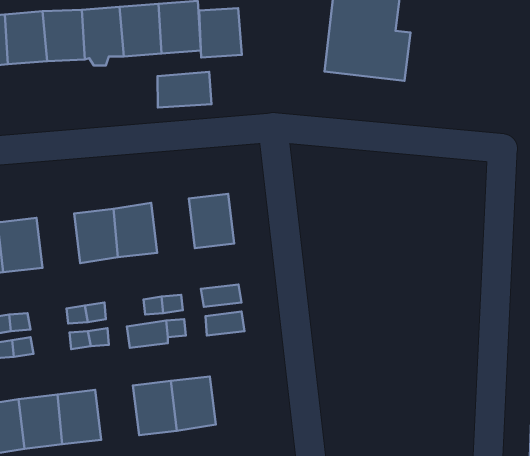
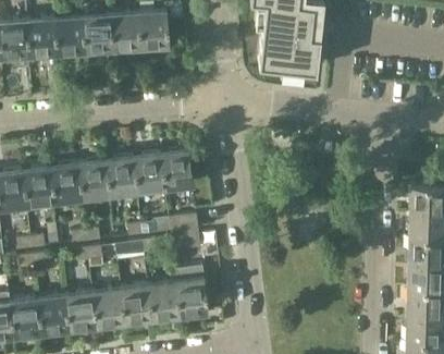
building: [199,8,242,57] -> none
building: [158,72,211,108] -> none
building: none -> [133,152,164,192]
building: none -> [50,163,82,203]
building: none -> [174,266,208,316]
building: none -> [92,288,124,327]

